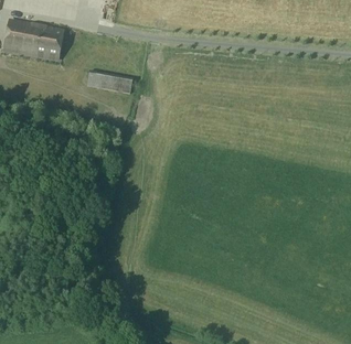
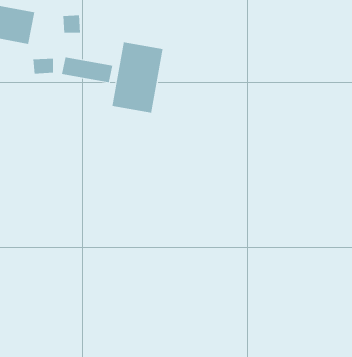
building: none -> [112,42,163,113]

